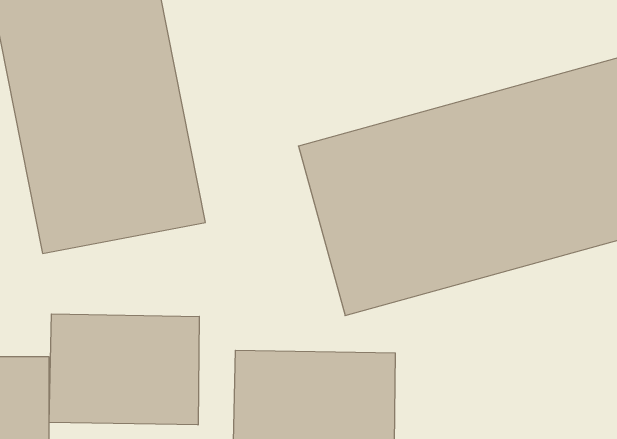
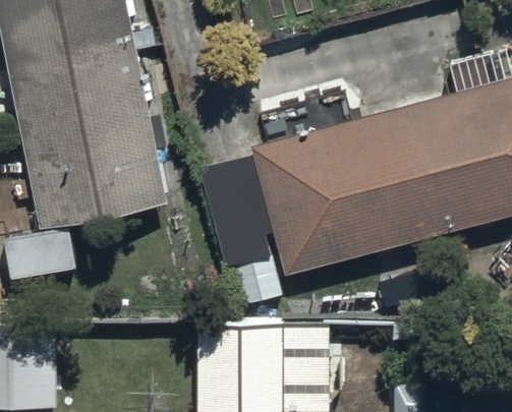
building: [49,314,199,425] -> none

